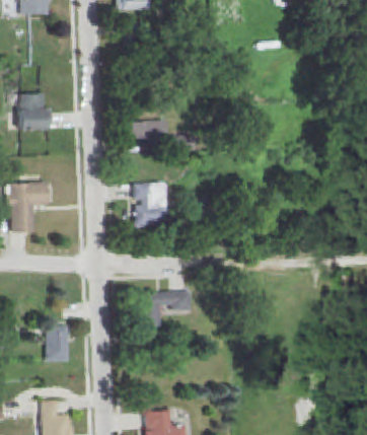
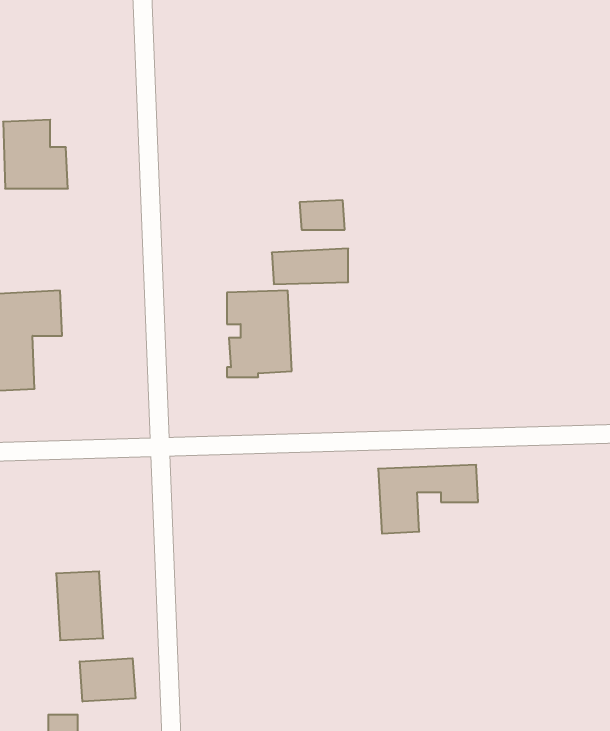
building: [127,120,166,138] -> [272,249,348,284]
building: [139,291,191,327] -> [378,465,478,534]
building: none -> [80,658,135,702]

